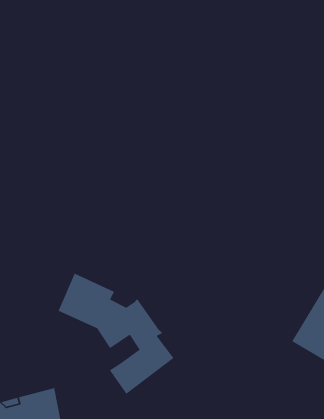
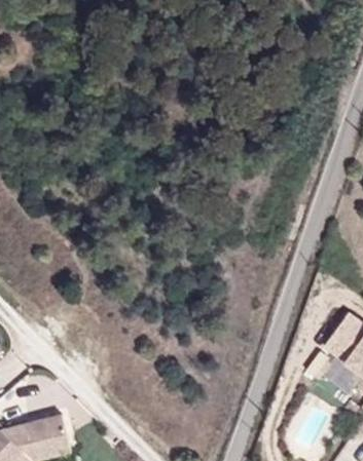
building: [57,272,175,395] -> none

